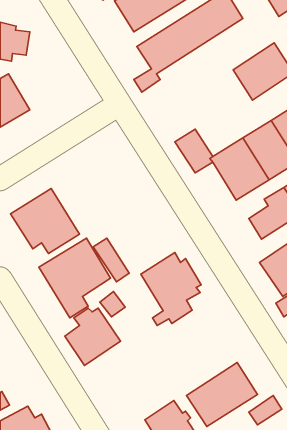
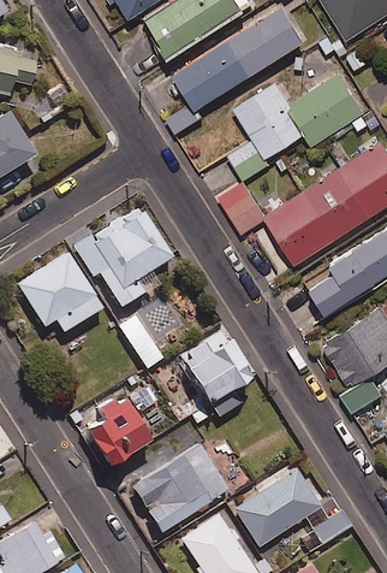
building: none -> [230,83,303,179]
building: [39,238,111,318] -> [81,208,169,307]
building: none -> [125,443,228,537]

